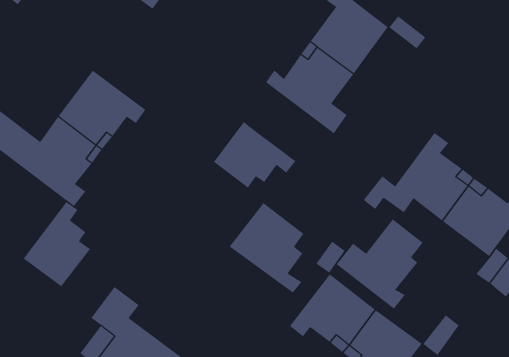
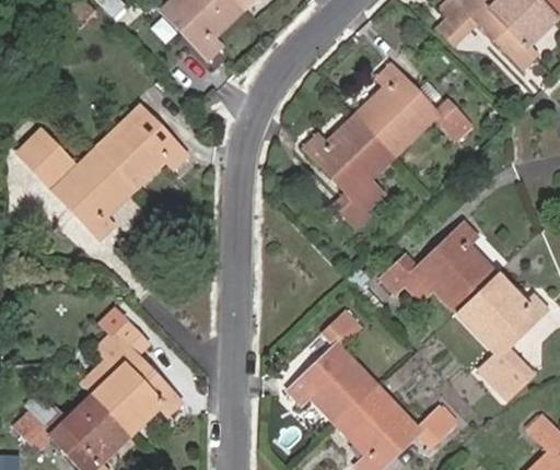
building: [213,121,296,189] -> none
building: [23,201,91,287] -> none
building: [229,202,304,294] -> none
building: [336,218,423,309] -> none

